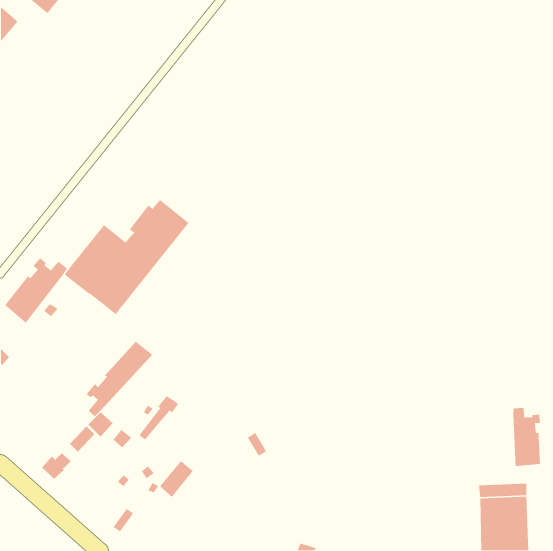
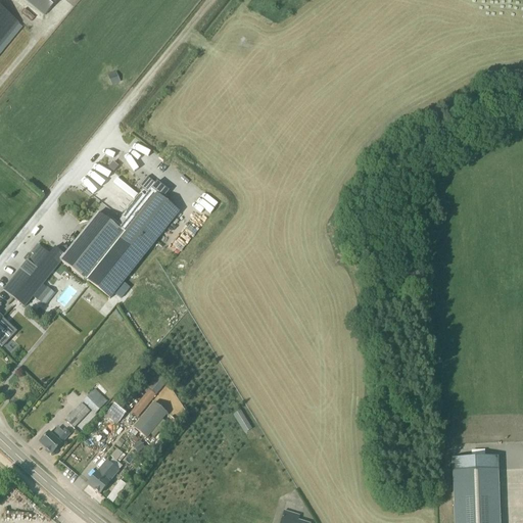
building: [86,341,153,417] -> none
building: [513,407,541,467] -> none
building: [159,460,194,498] -> [134,401,167,437]
building: none -> [87,460,118,493]

